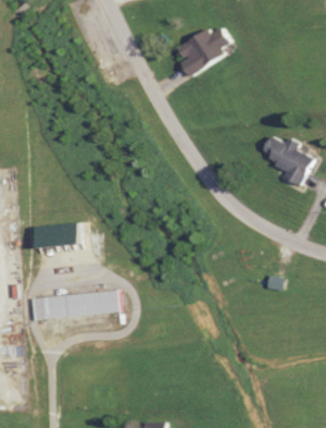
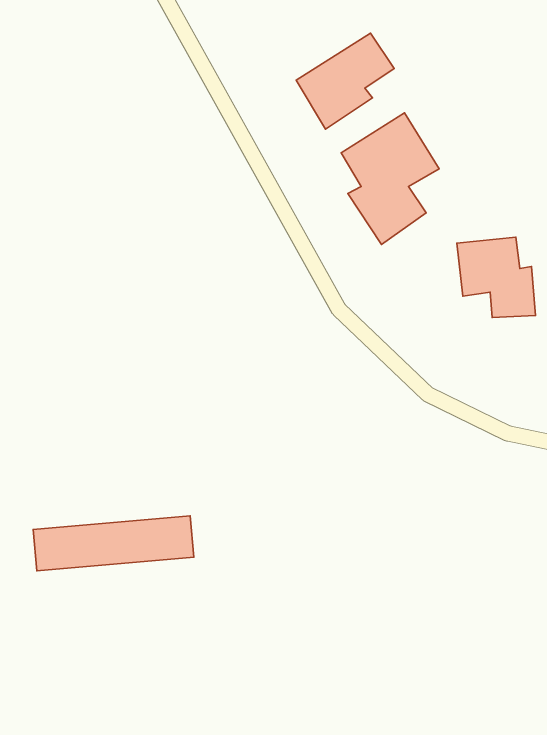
building: none -> [341,113,439,244]

